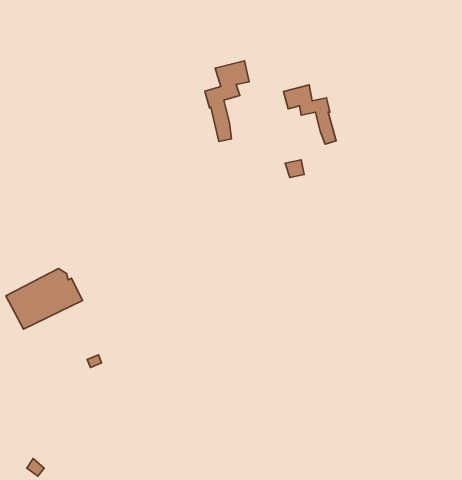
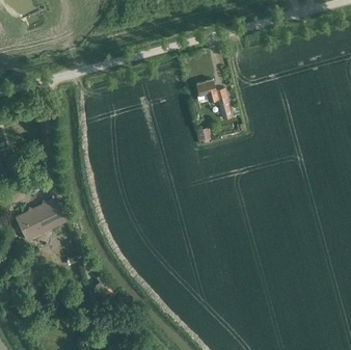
building: [205,61,249,142] -> none

